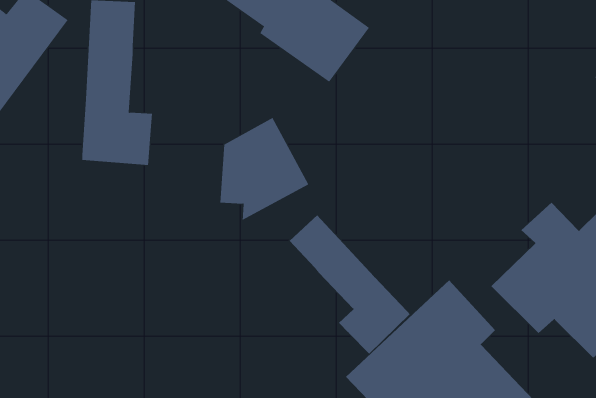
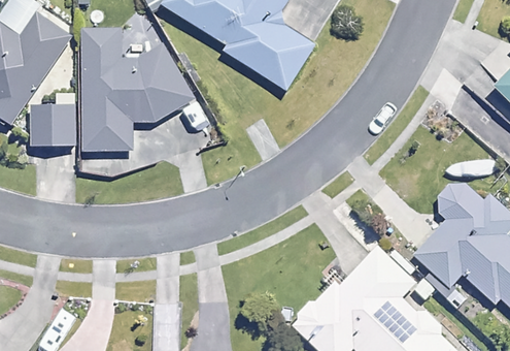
building: none -> [38,99,88,146]
building: [220,117,309,221] -> [123,43,194,126]
building: [289,214,410,354] -> none

